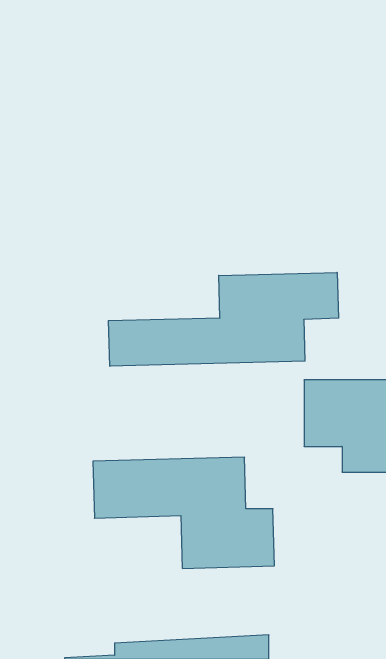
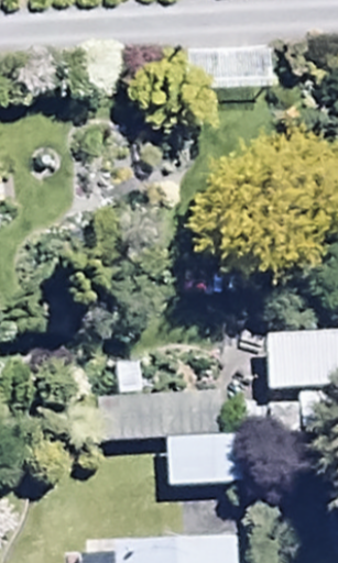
building: [108,272,339,366] -> none

